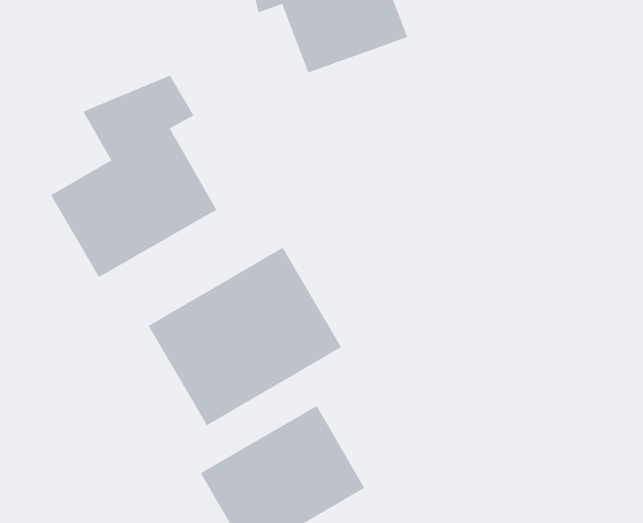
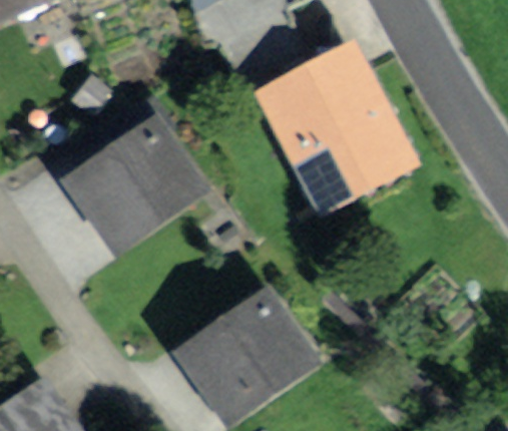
building: none -> [276,54,394,180]
building: [148,247,342,426] -> none

